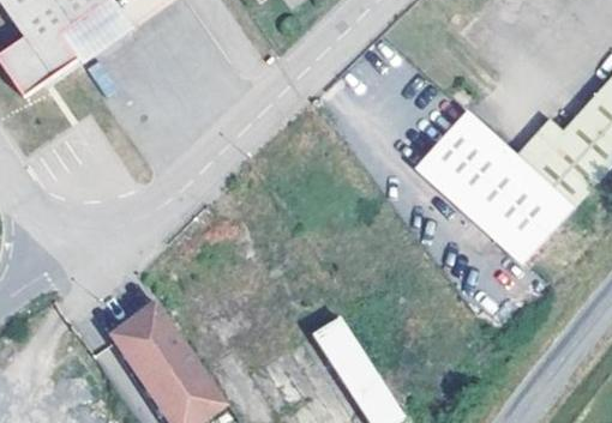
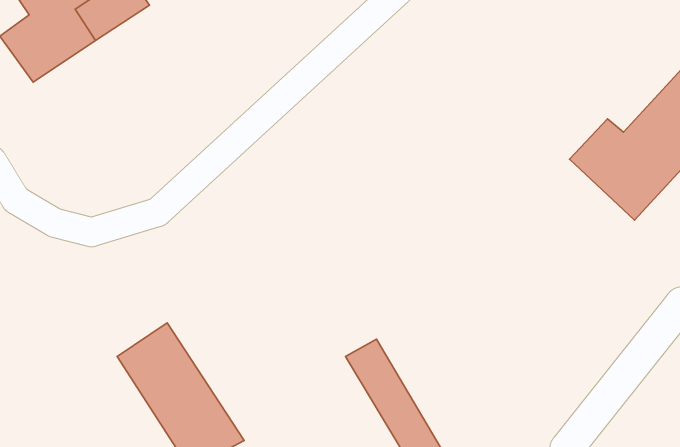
building: [413,115,568,260] -> none

